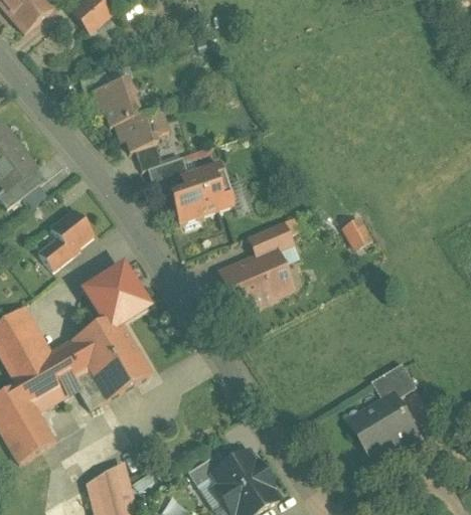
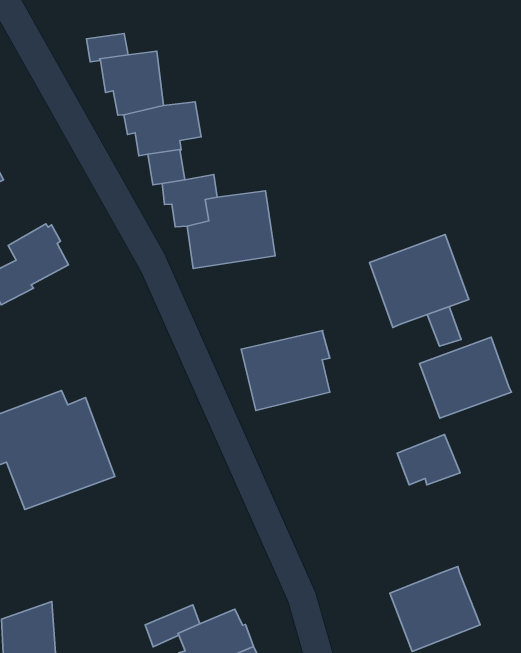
building: none -> [369,235,469,328]
building: [250,220,292,255] -> none
building: none -> [419,337,511,418]
building: [86,265,148,329] -> none
building: [373,361,419,399] -> [397,435,460,485]

